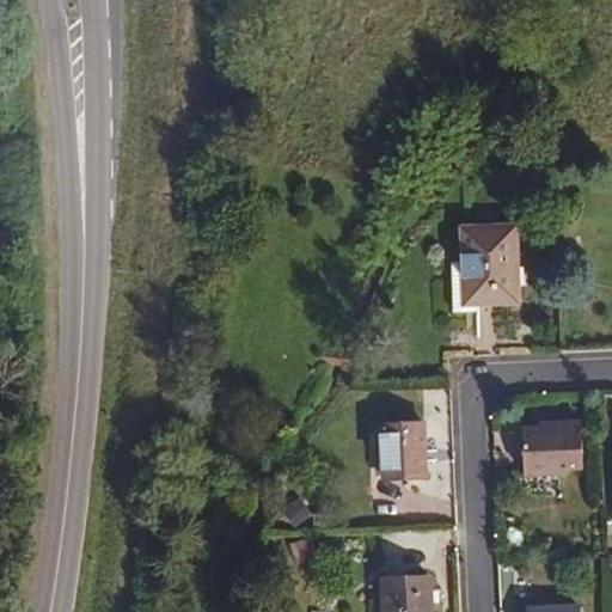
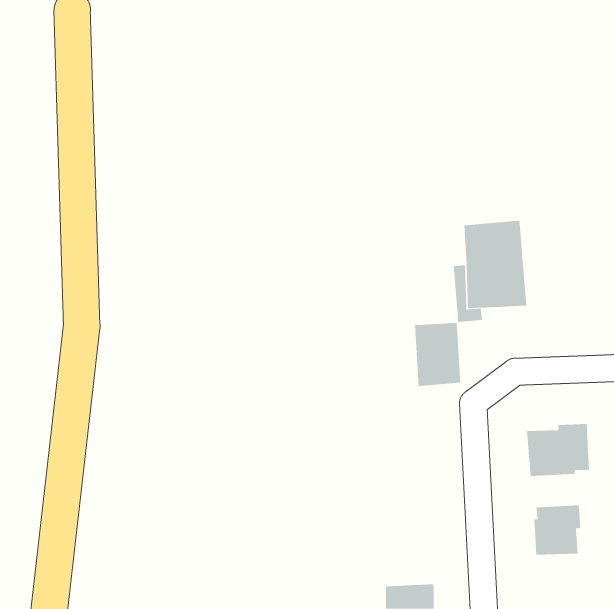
building: [375,422,422,485] -> [414,323,461,386]
building: none -> [534,504,581,555]

